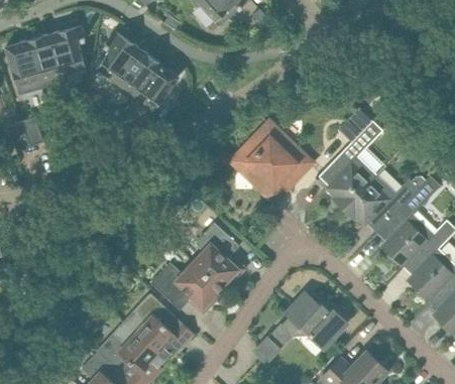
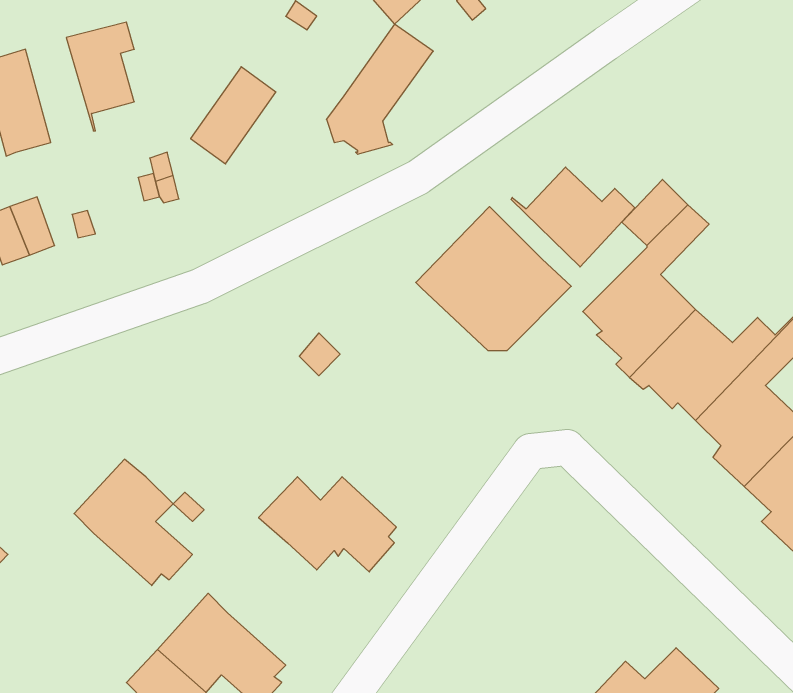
building: [97,30,140,86] -> none
building: [28,33,64,88] -> none
building: [123,61,179,129] -> [326,24,433,154]
building: none -> [511,167,635,267]
building: [193,222,242,287] -> none
building: [254,291,347,362] -> none
building: [123,293,185,359] -> [74,459,192,586]

